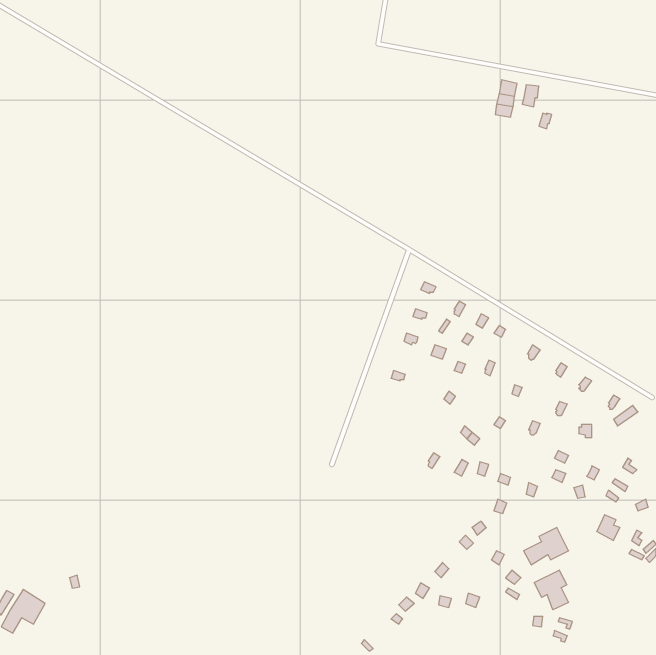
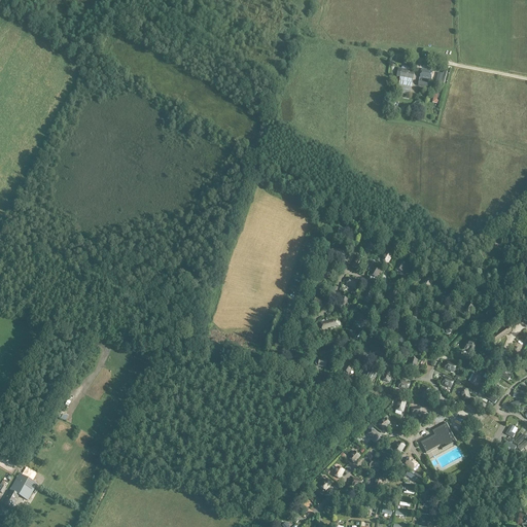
building: [534,570,569,610] -> none

